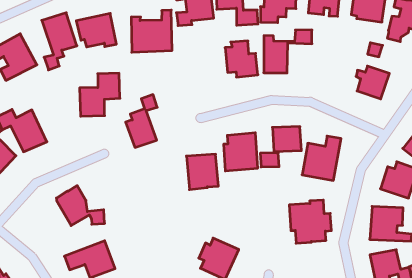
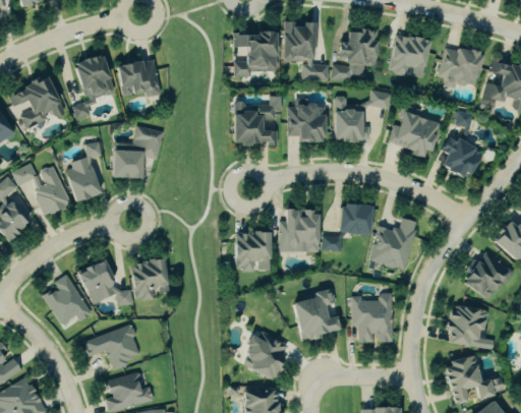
building: [131,10,172,52] -> [232,97,282,144]
building: none -> [390,105,440,160]
building: [126,95,157,147] -> [65,140,104,201]
building: none -> [130,258,170,300]
building: none -> [293,288,343,341]
building: none -> [44,275,93,327]

